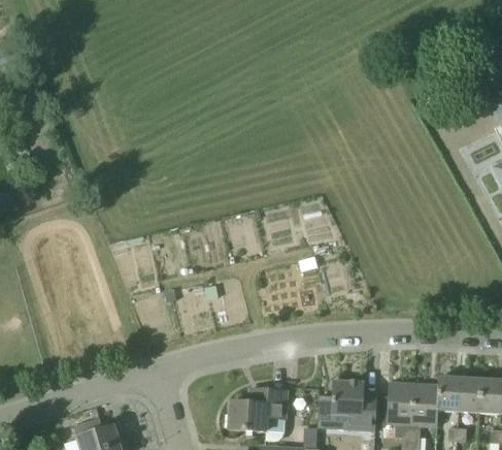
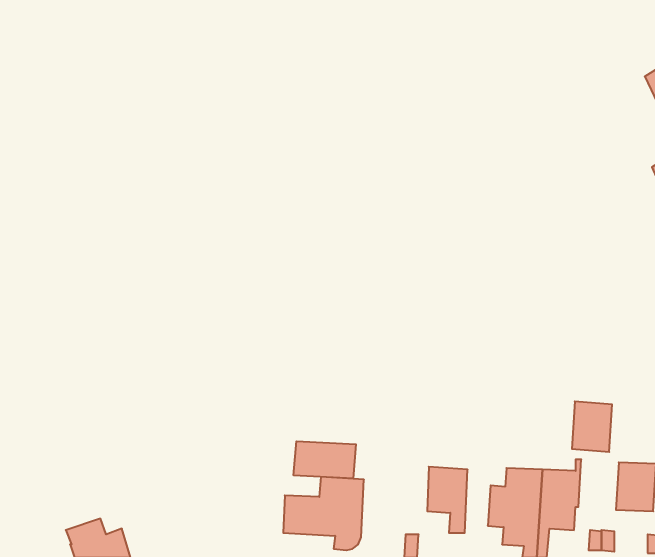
building: none -> [294,441,356,478]
building: [440,376,469,412] -> [572,401,612,452]
building: [359,383,377,429] -> none

